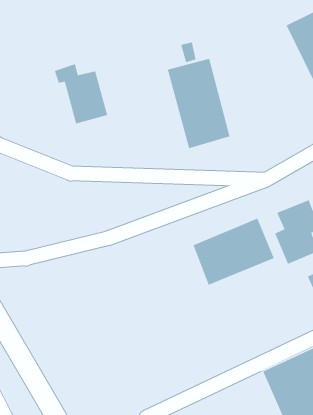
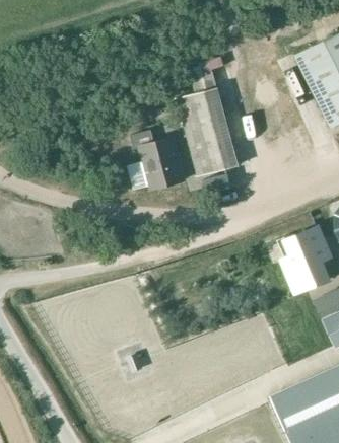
building: [54,63,108,125] -> [130,129,184,190]
building: [192,217,275,286] -> none

